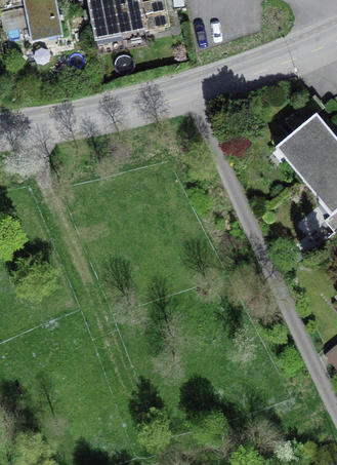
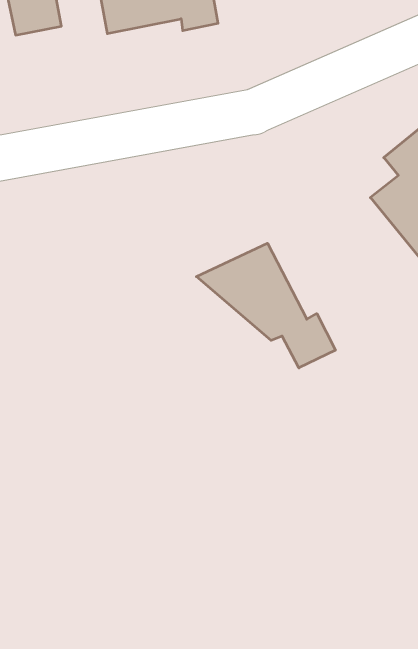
building: none -> [196,243,335,368]

